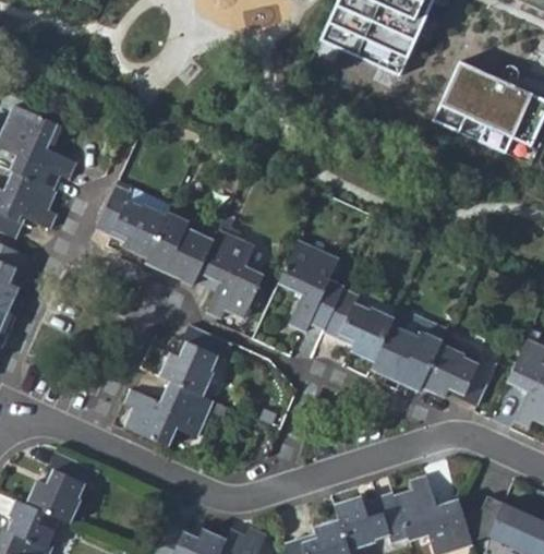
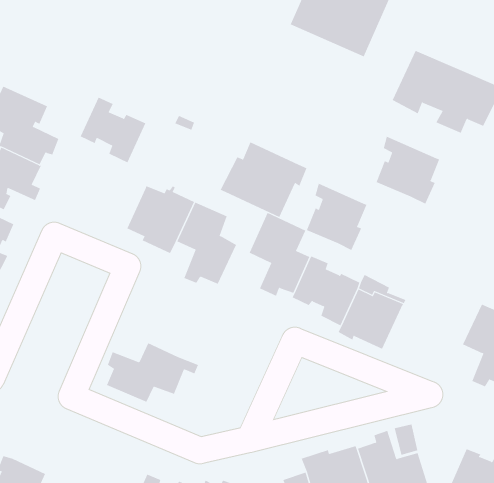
building: none -> [376,136,440,205]
building: none -> [220,141,307,218]
building: [95,188,166,258] -> [80,97,146,163]
building: none -> [306,183,367,251]
building: [158,326,231,396] -> none
building: [420,344,496,407] -> none
building: [25,453,99,525] -> none

